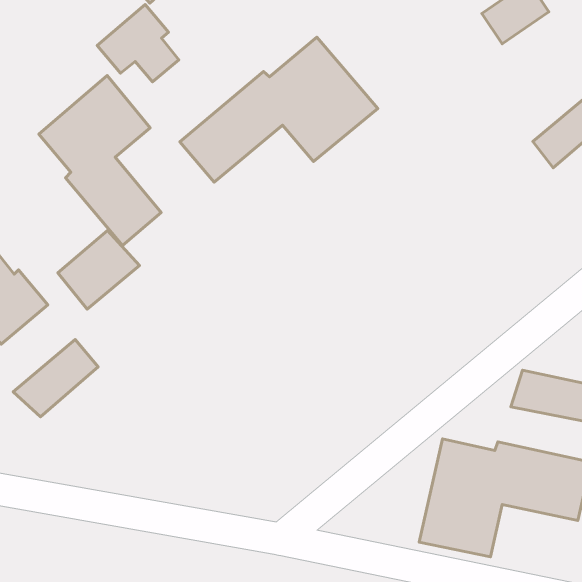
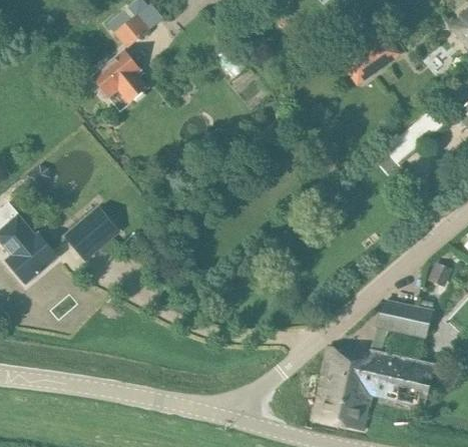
building: [180,37,378,182] -> none
building: [39,76,161,245] -> none
building: [13,340,98,417] -> none

